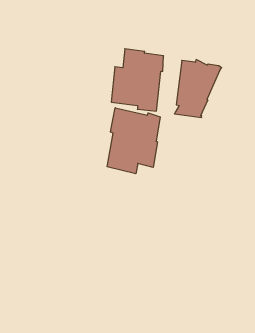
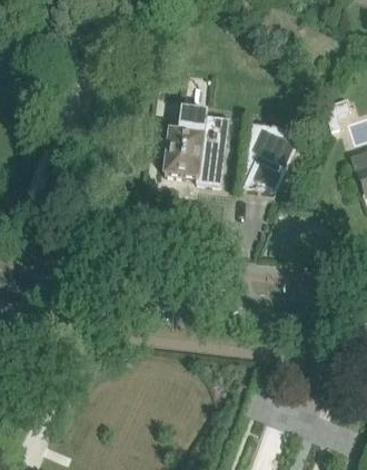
building: [107,108,160,174] -> none

